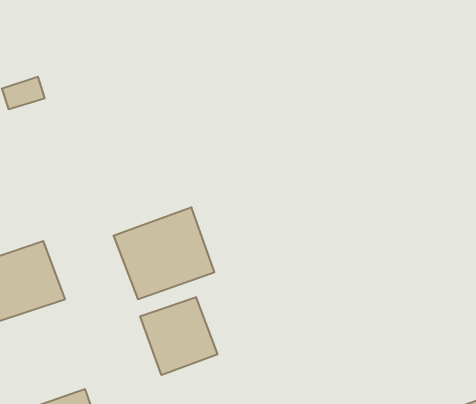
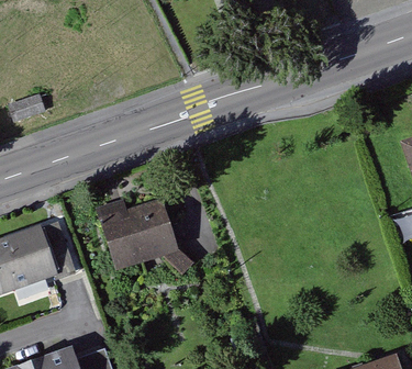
building: [140,297,217,375] -> none

